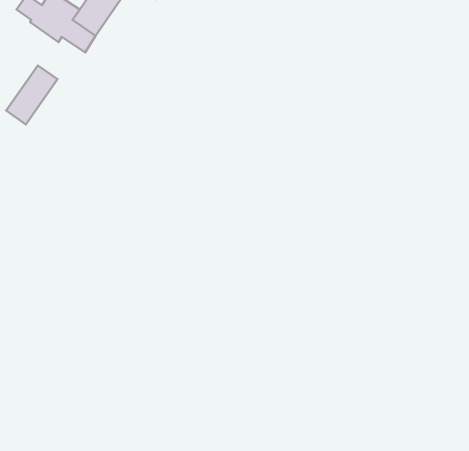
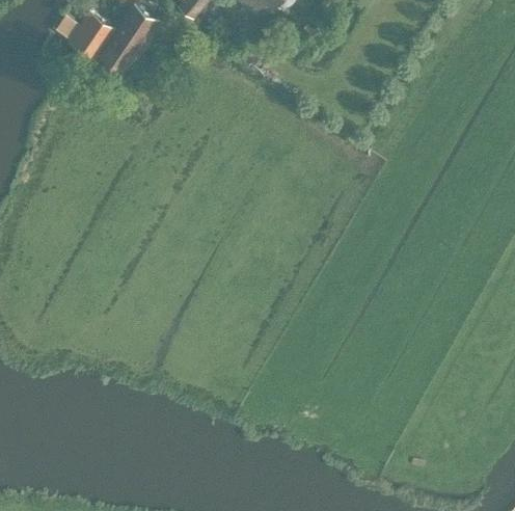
building: [6,65,57,124] -> none

